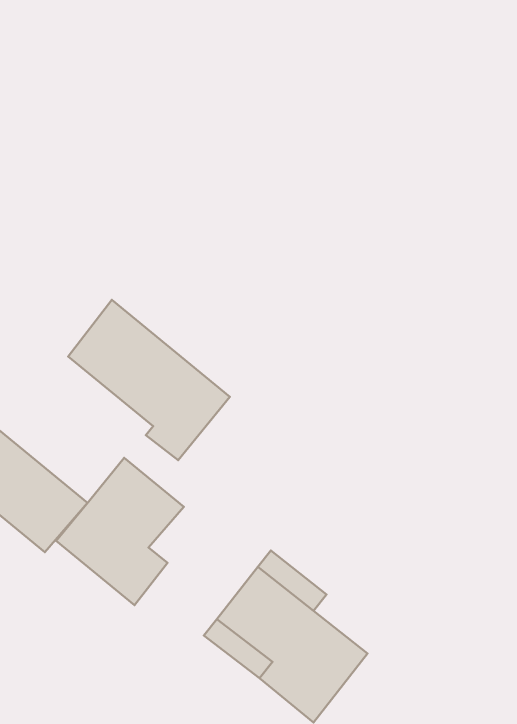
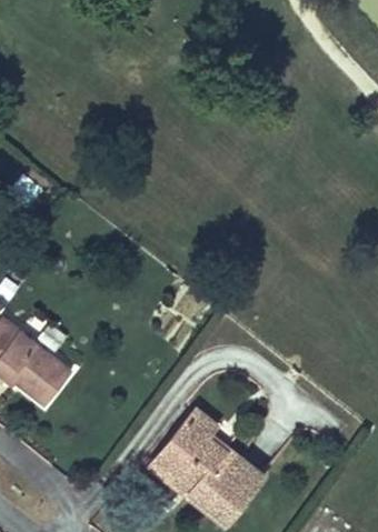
building: [68,300,230,460] -> none
building: [56,458,184,605] -> none

